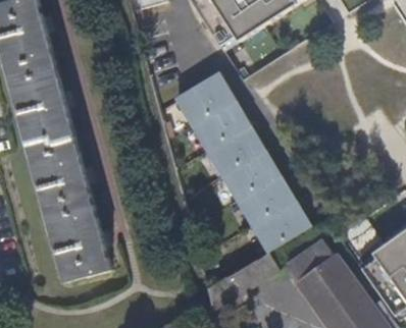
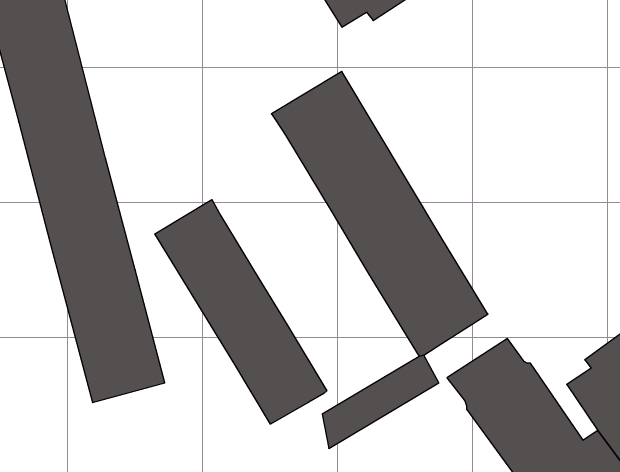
building: none -> [155,200,327,424]

